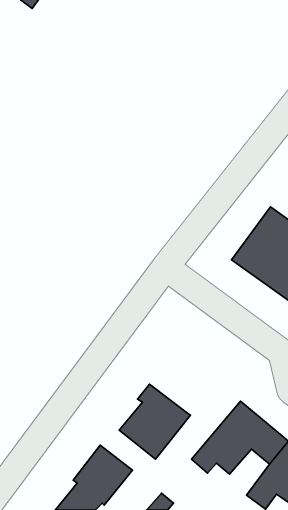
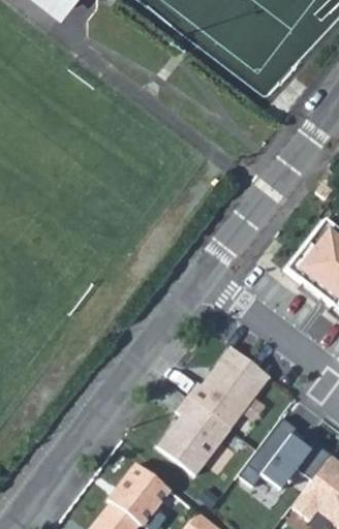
building: none -> [190,348,269,428]

